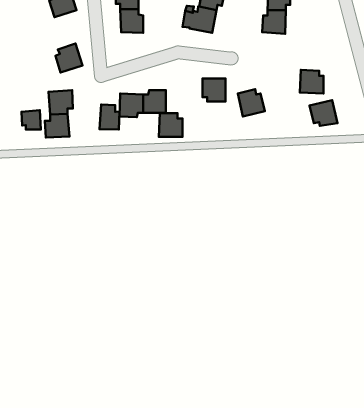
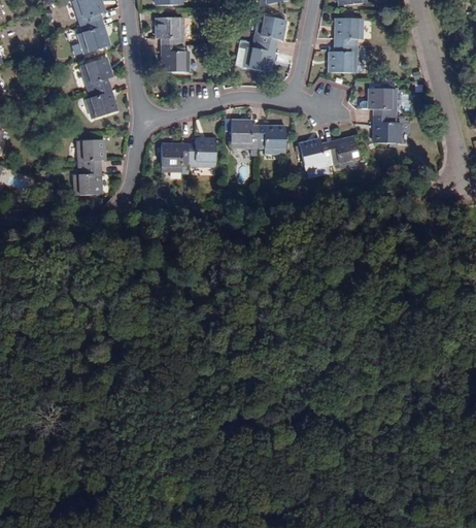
building: none -> [80,57,113,92]
building: none -> [369,89,396,117]
building: [309,100,338,126] -> [327,137,360,167]
building: [100,105,120,130] -> none
building: [21,110,41,130] -> none
building: [159,113,183,137] -> [231,120,259,147]

